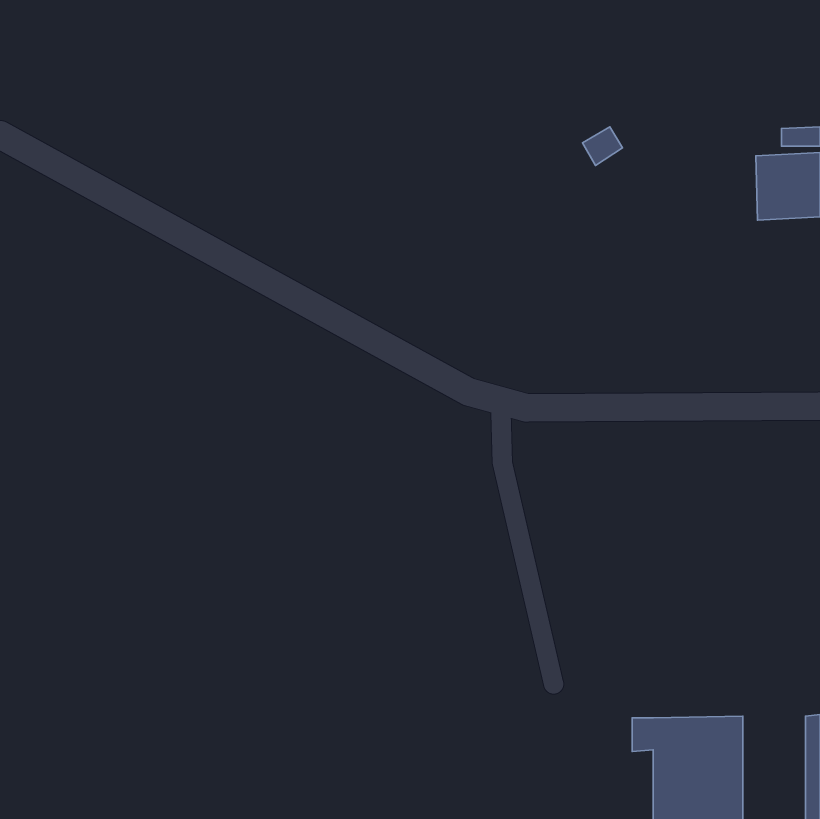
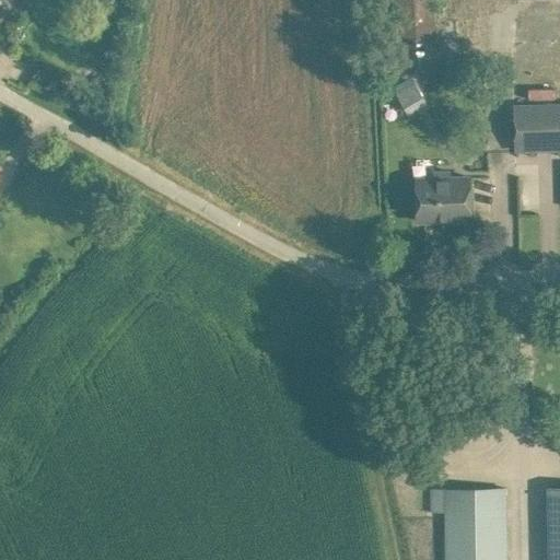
building: none -> [416,178,471,222]

